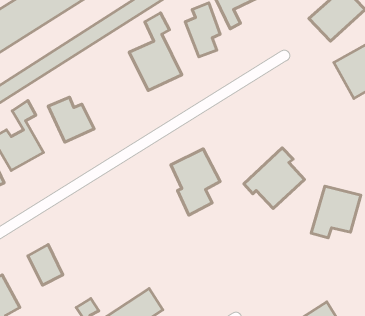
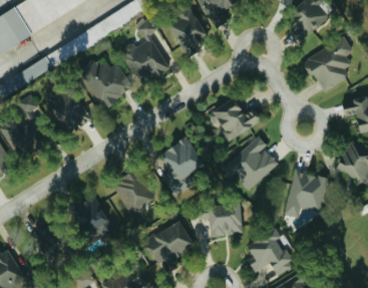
building: none -> [81,60,133,107]
building: none -> [210,99,262,139]
building: none -> [111,168,154,212]
building: none -> [71,203,114,238]
building: none -> [199,204,241,235]
building: none -> [144,221,193,264]
building: none -> [244,229,294,275]

